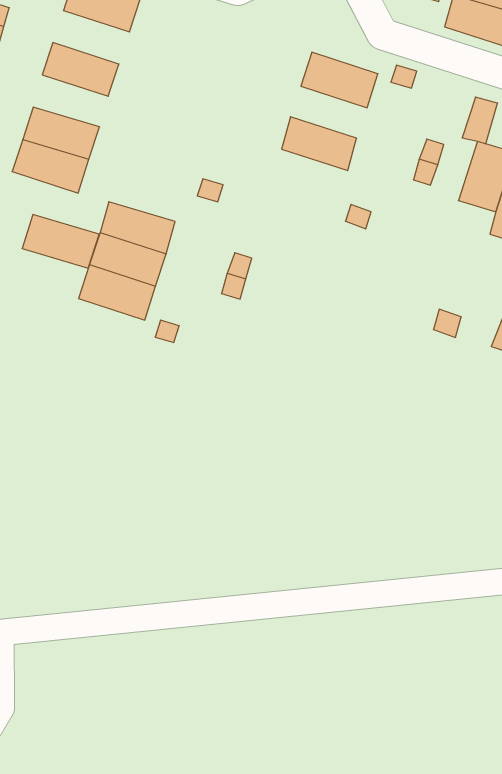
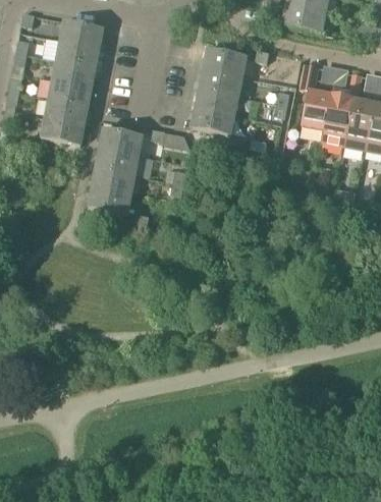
building: none -> [56,39,100,66]
building: none -> [49,77,92,104]
building: none -> [199,67,242,94]
building: none -> [191,105,235,133]
building: [22,214,99,268] -> [99,126,143,154]

